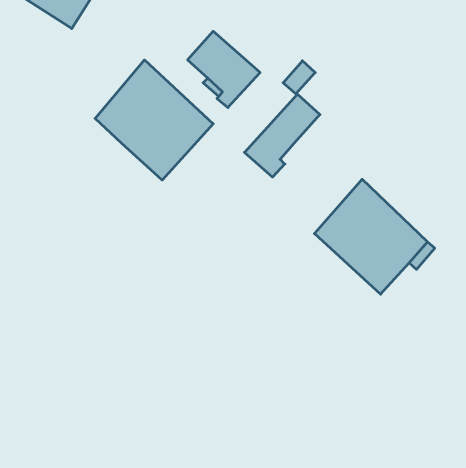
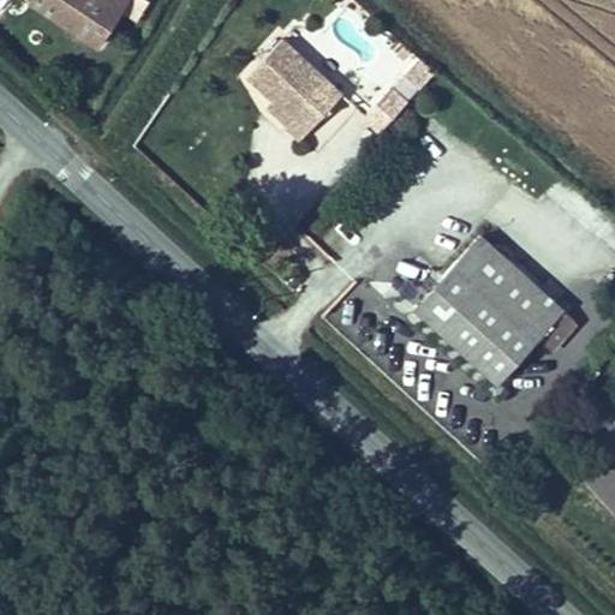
building: [95,60,213,180] -> none
building: [244,94,320,177] -> none

